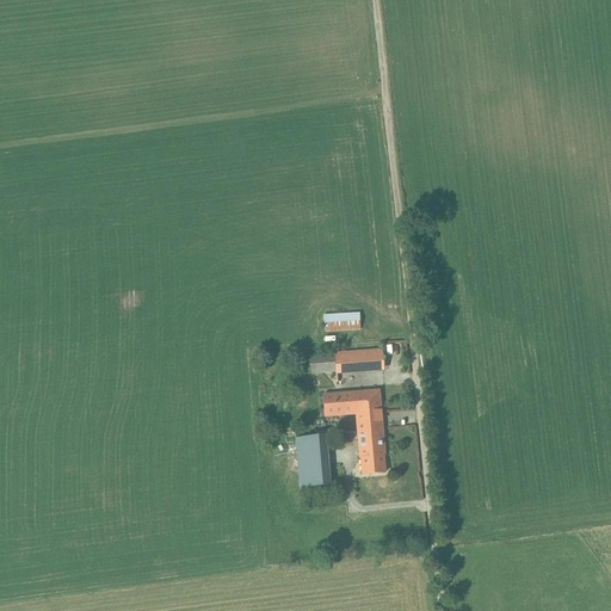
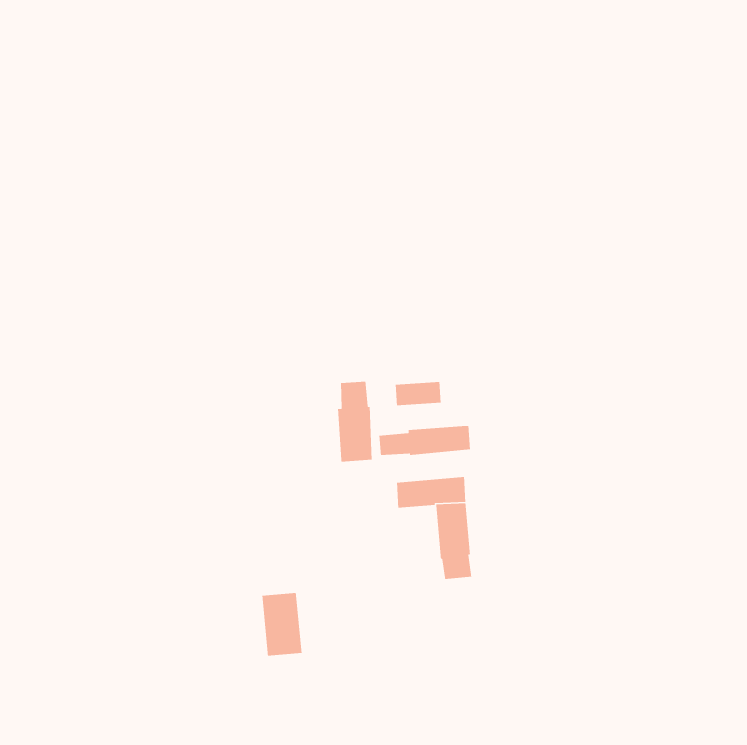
building: none -> [337,381,372,462]
building: [297,433,331,486] -> [261,592,302,657]

